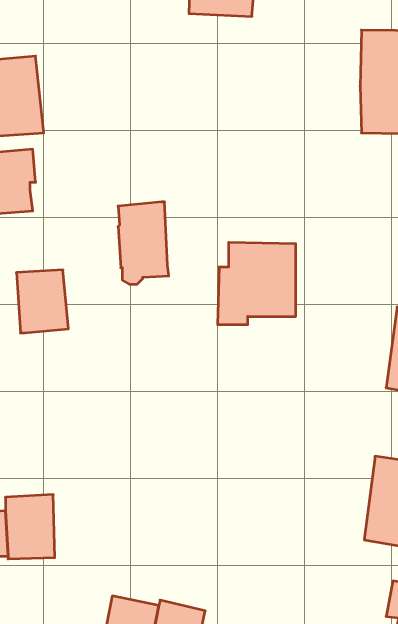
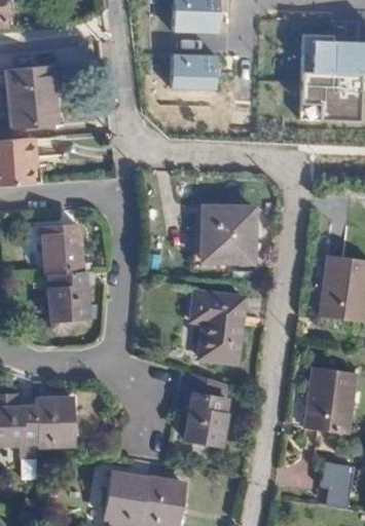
building: none -> [171,54,219,92]
building: [118,202,169,284] -> [48,270,86,332]
building: none -> [194,292,246,362]
building: none -> [183,373,226,448]

